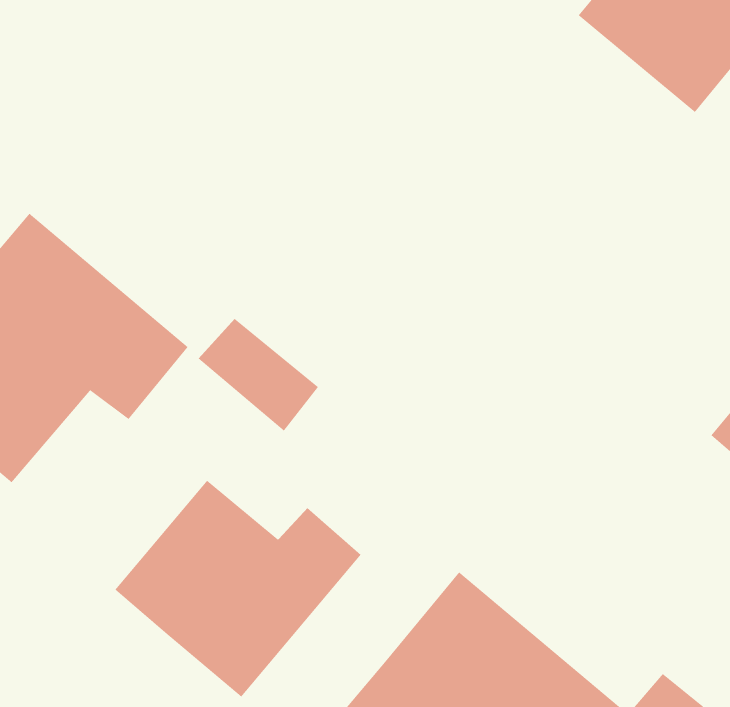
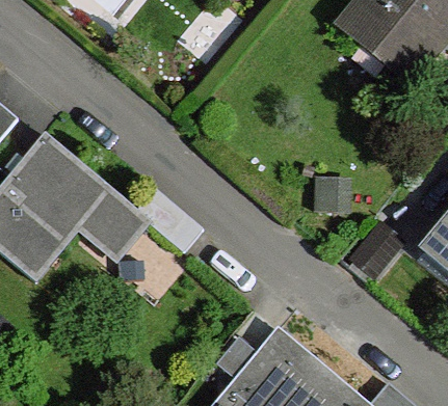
building: [114,480,362,697] -> none

